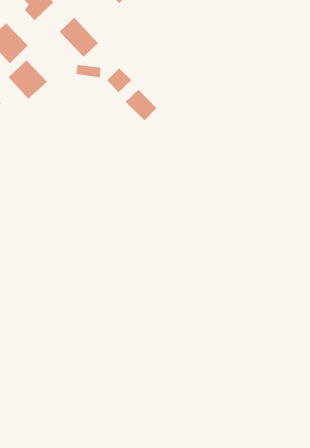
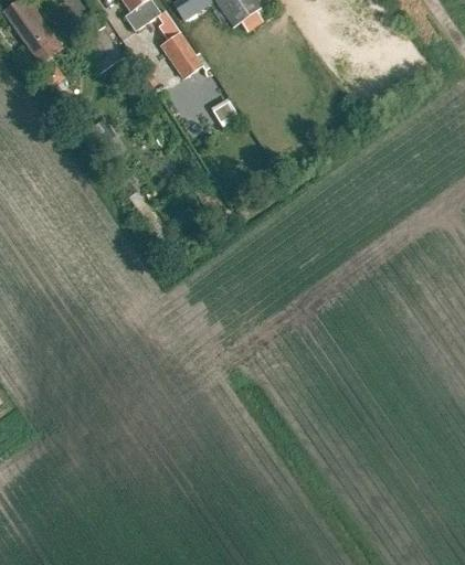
building: [8,59,48,100] -> none
building: [125,89,157,121] -> none

